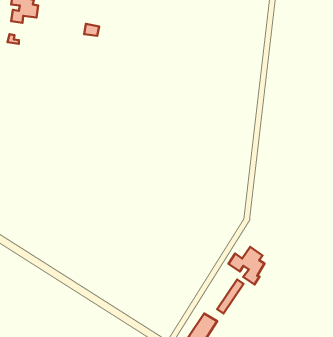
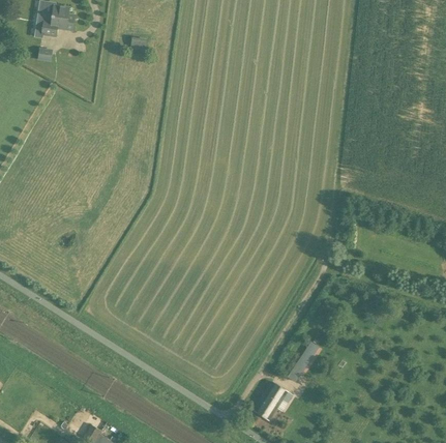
building: [228,247,265,285] -> none

